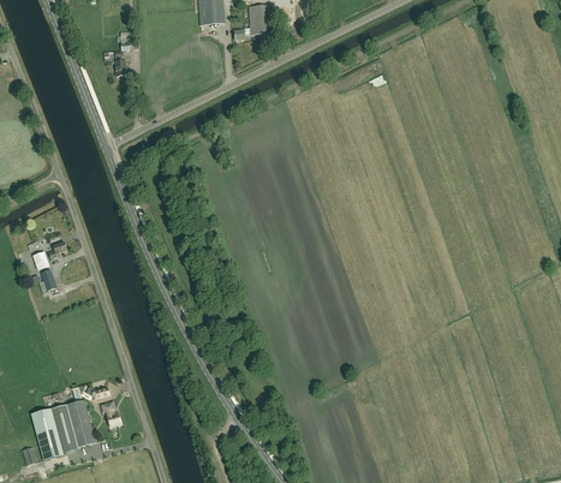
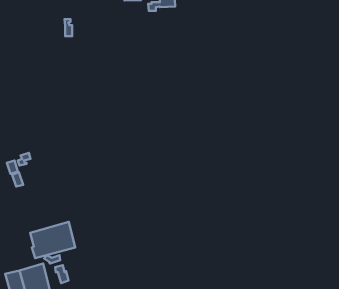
building: none -> [30,222,75,258]

